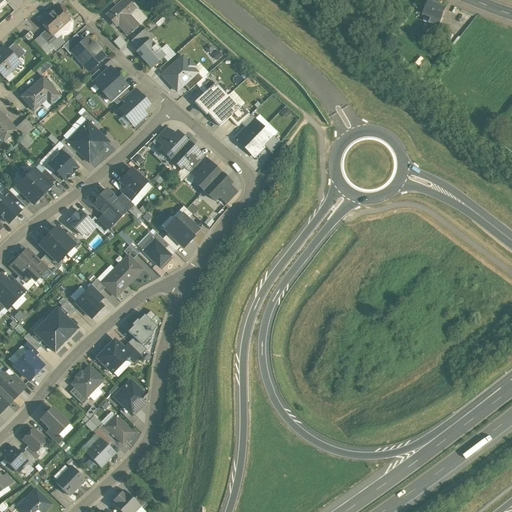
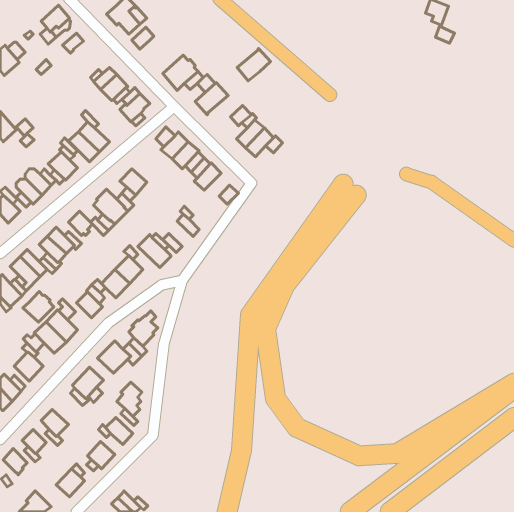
building: [73,38,103,68] -> none
building: [137,40,164,67] -> none
building: [21,76,60,109] -> none
building: [207,93,240,125] -> [237,49,270,81]
building: [203,172,230,199] -> none
building: [165,219,193,247] -> none
building: none -> [23,292,54,322]

